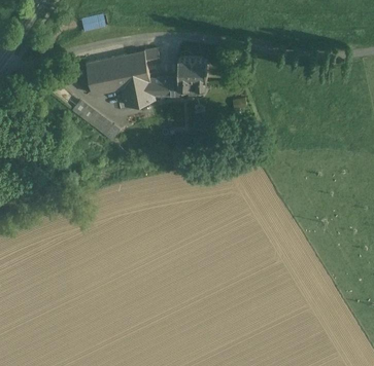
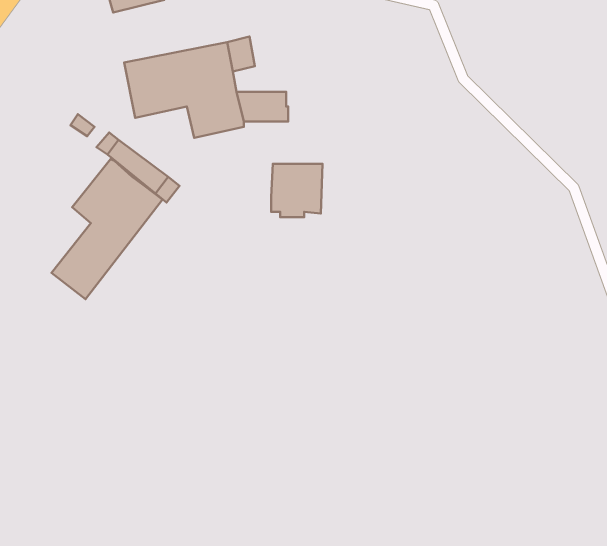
building: [177,60,206,89] -> [271,164,323,217]
building: none -> [52,159,163,299]

